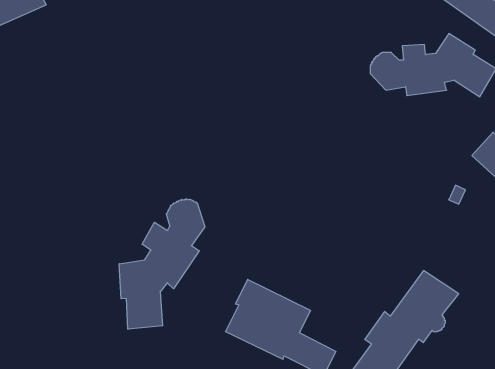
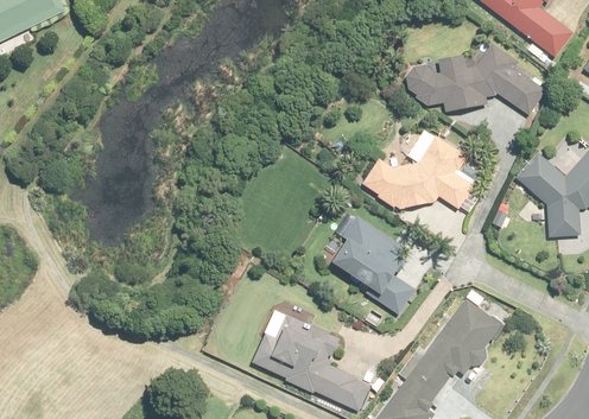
building: none -> [362,129,475,210]
building: none -> [332,214,413,313]
building: [119,199,205,329] -> none

